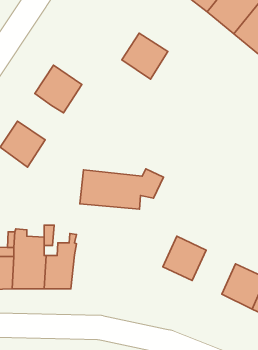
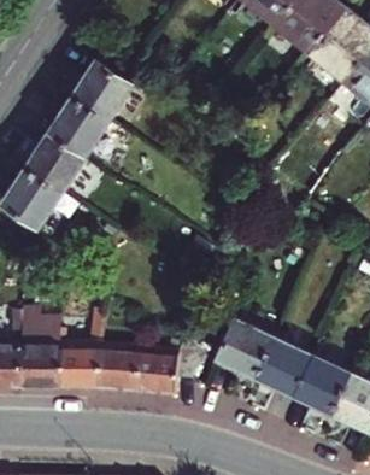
building: [122,33,168,79] -> [72,59,133,119]
building: none -> [25,131,86,192]
building: [80,169,163,209] -> [95,341,205,394]
building: none -> [254,336,311,394]

